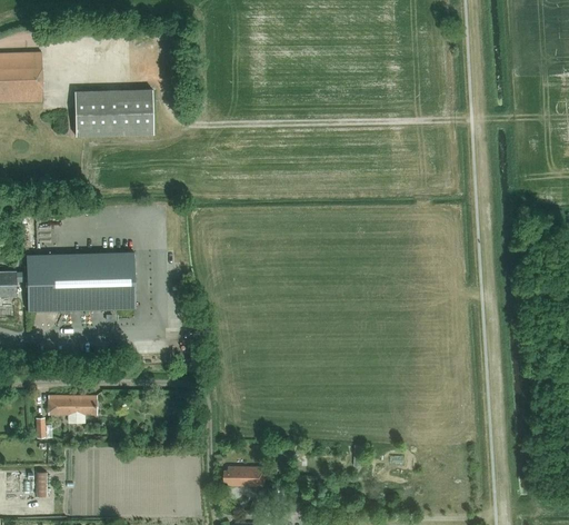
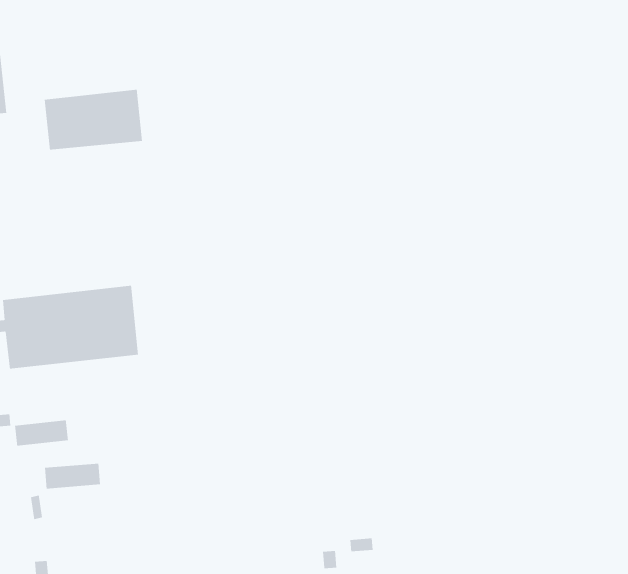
building: none -> [15,419,69,447]
building: [224,467,264,486] -> none

